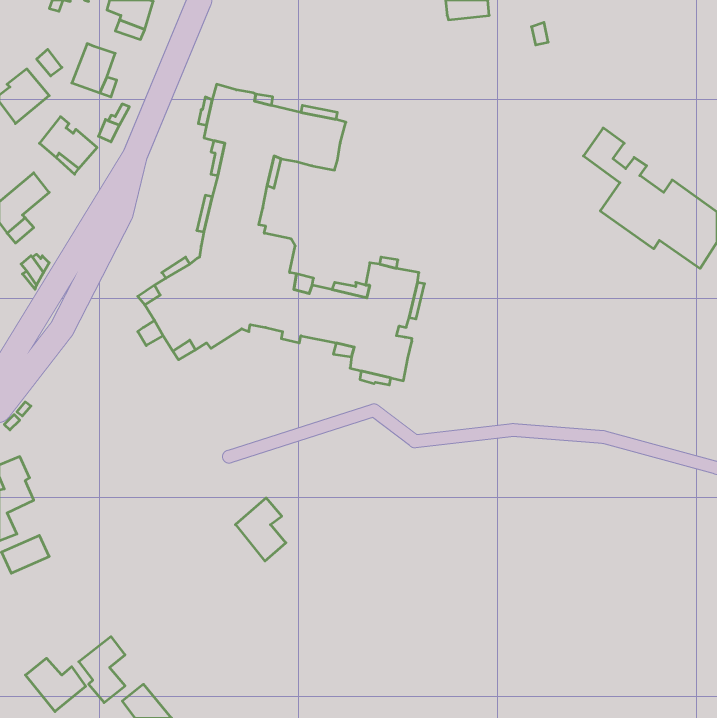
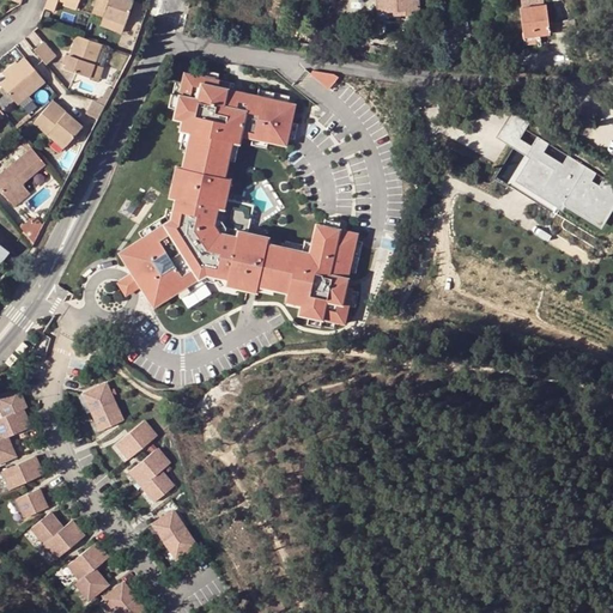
building: none -> [517,5,552,37]
building: none -> [83,384,121,430]
building: none -> [115,420,156,459]
building: [235,498,286,561] -> [129,448,172,502]
building: none -> [16,488,47,517]
building: none -> [152,511,195,558]
building: [25,658,86,712] -> [31,512,83,558]

